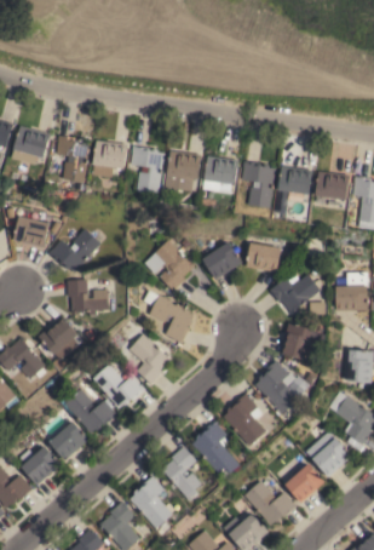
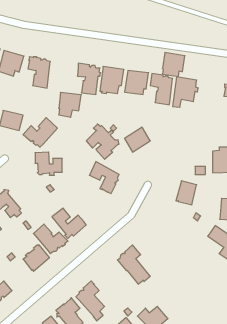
building: [93,141,127,178] -> [59,92,81,117]
building: [315,171,349,207] -> [162,52,185,76]
building: [244,242,281,273] -> none
building: [269,273,320,314] -> none
building: [38,315,77,360] -> none
building: [128,332,171,384] -> none
building: [254,360,298,413] -> none
building: [223,393,265,446] -> none
building: [306,431,351,477] -> none
building: [19,446,61,486] -> none
building: [161,446,201,498] -> none
building: [284,464,323,503] -> none
building: [243,480,297,526] -> none

